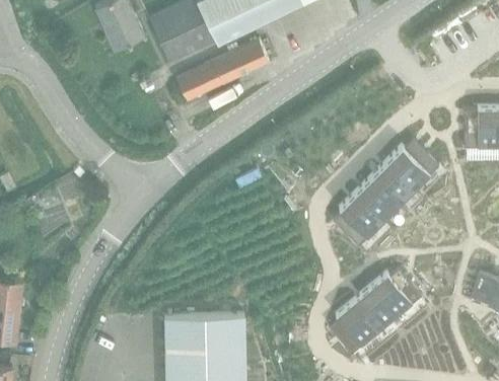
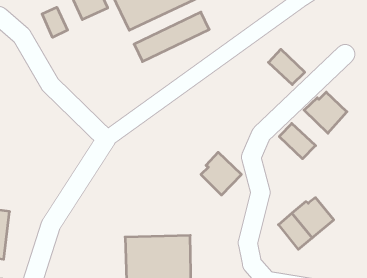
building: none -> [42,7,68,37]
building: [370,163,415,207] -> [268,49,305,85]
building: [334,196,383,248] -> [201,152,241,195]
building: [330,304,378,357] -> none

